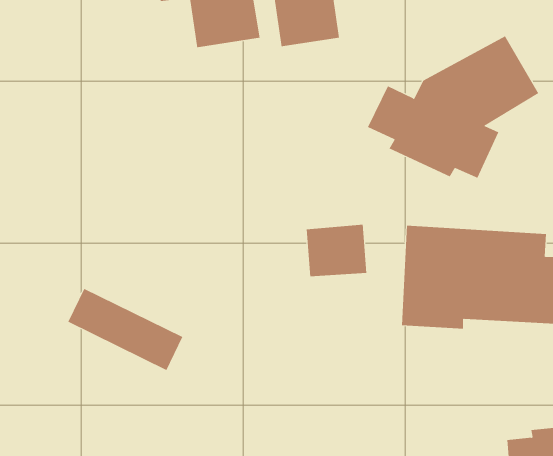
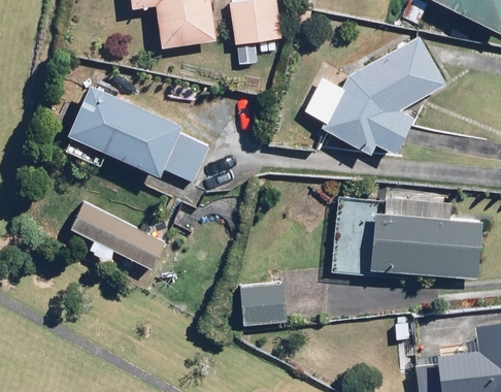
building: none -> [65,85,209,184]
building: [306,224,367,277] -> [237,282,288,325]
building: [68,288,183,371] -> [71,202,166,270]

